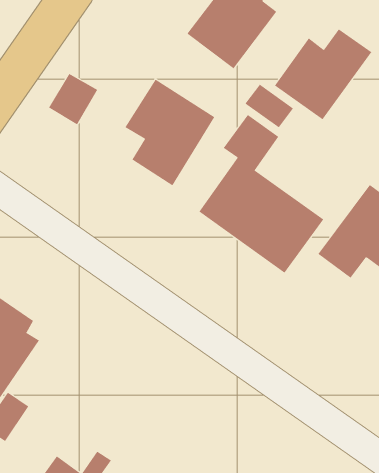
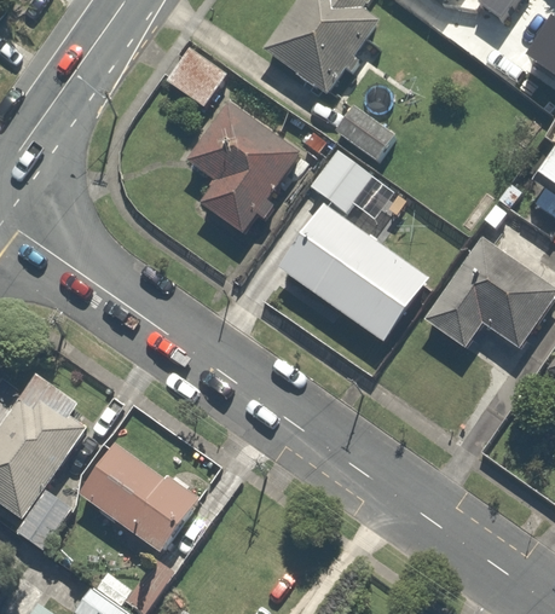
building: [274,28,372,120] -> none
building: [48,73,98,125] -> [167,45,229,109]
building: none -> [79,440,198,554]

